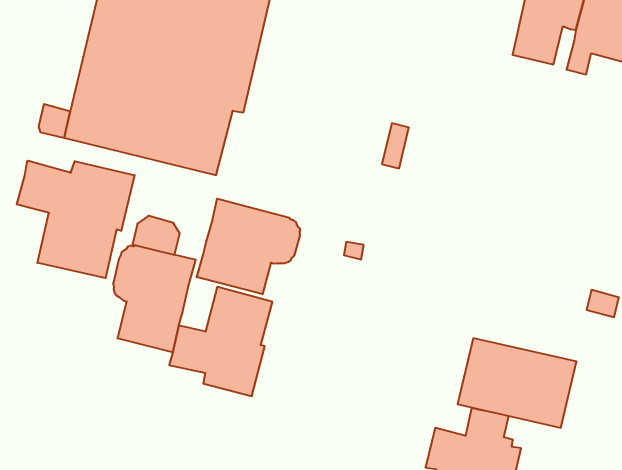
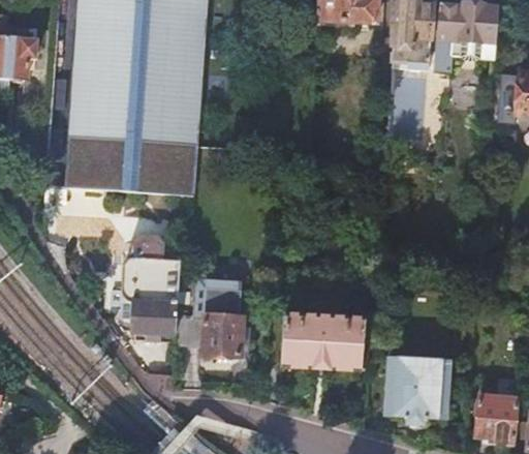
building: [17,161,135,278] -> none
building: [197,199,300,294] -> none
building: [458,338,577,428] -> [281,314,365,370]

